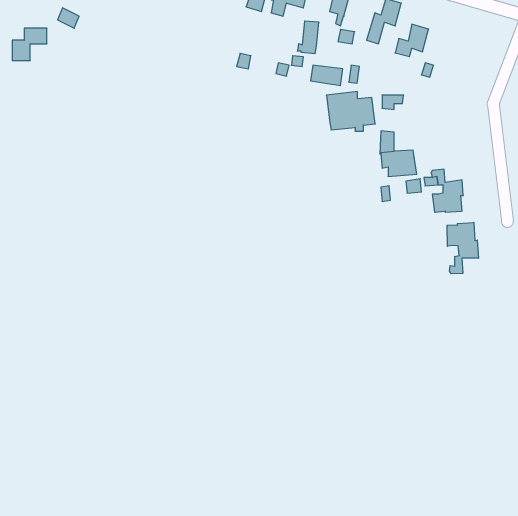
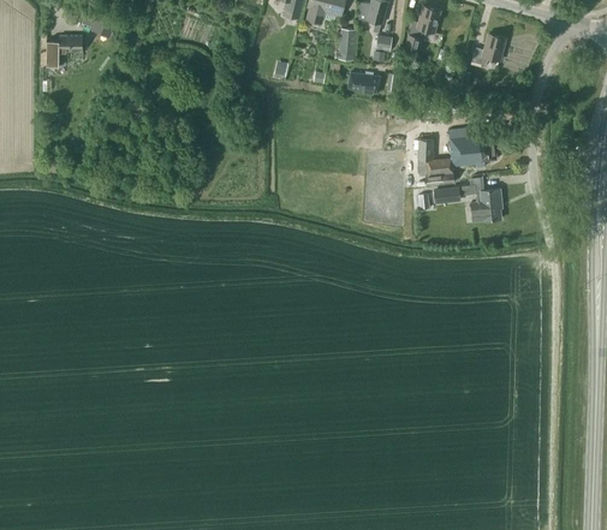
building: [395,24,429,57] -> [471,32,505,65]
building: [326,92,375,131] -> [447,126,496,166]
building: [447,222,478,274] -> none

